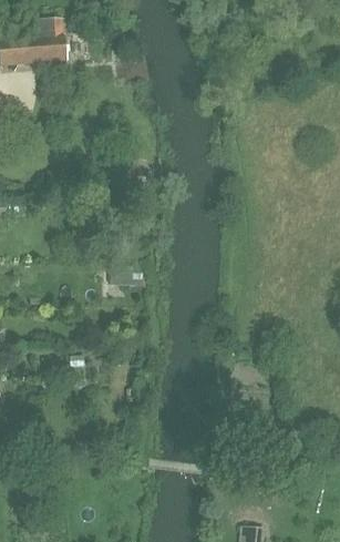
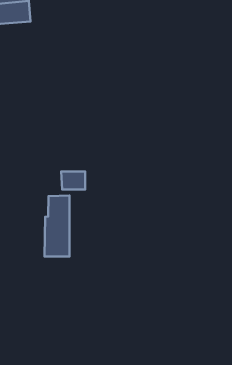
building: none -> [45,196,69,257]

